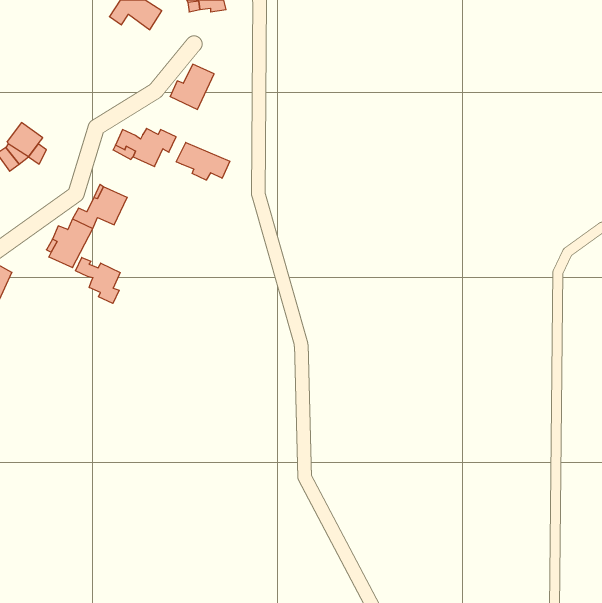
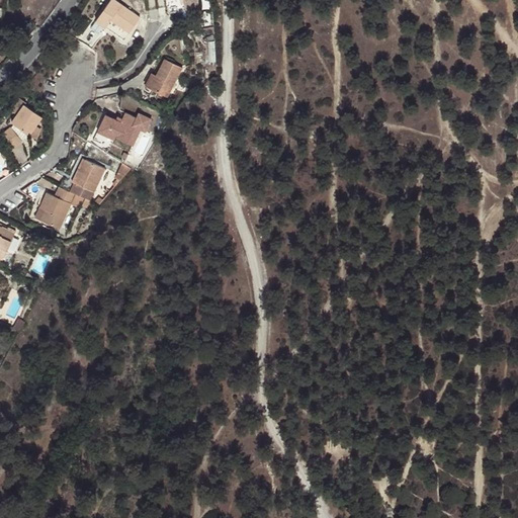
building: [176,142,230,180] -> none
building: [76,257,120,303] -> none

